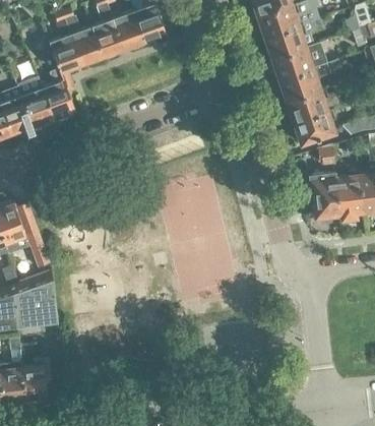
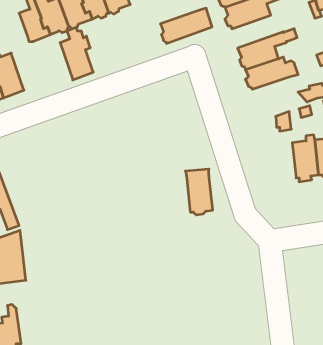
building: [272,44,326,80] -> [160,8,212,43]
building: [43,69,77,124] -> [60,27,93,80]
building: [294,110,336,145] -> none
building: [311,173,339,221] -> [185,169,213,215]

